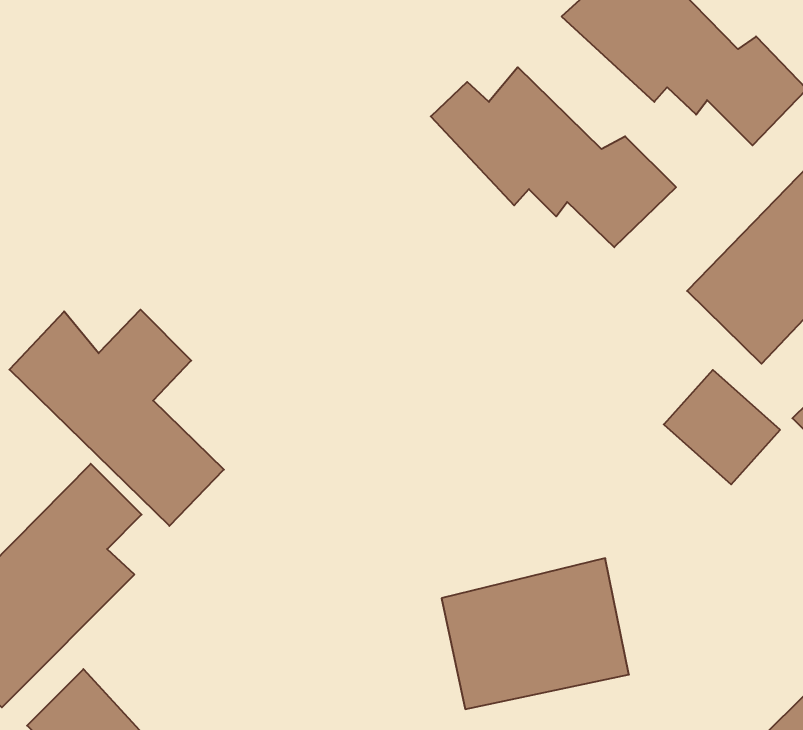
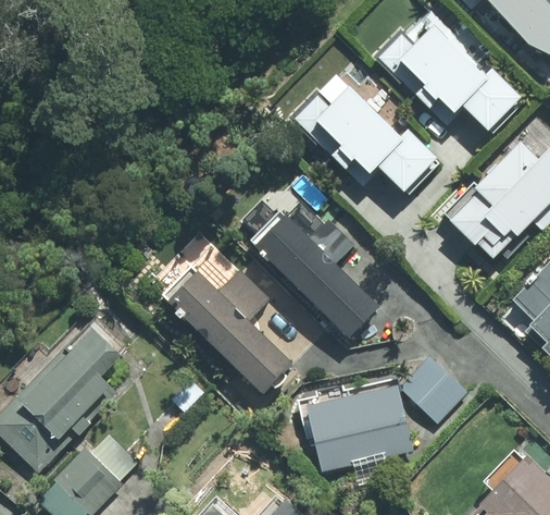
building: none -> [250,207,382,339]
building: [9,310,224,526] -> [163,266,291,395]
building: [664,370,780,484] -> [401,350,471,418]

